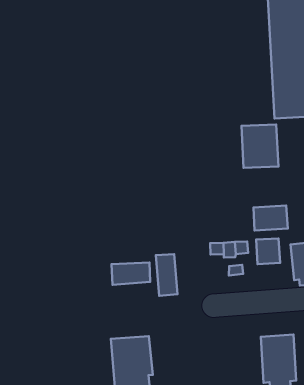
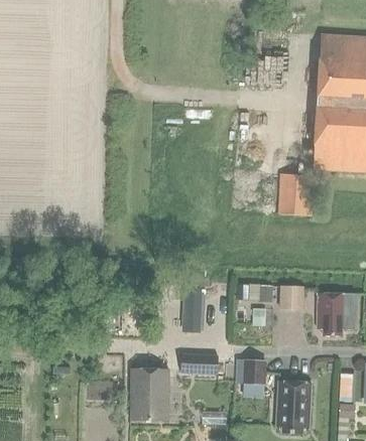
building: [254,206,288,230] -> none
building: [111,262,150,285] -> [180,353,219,375]
building: none -> [240,359,263,384]

